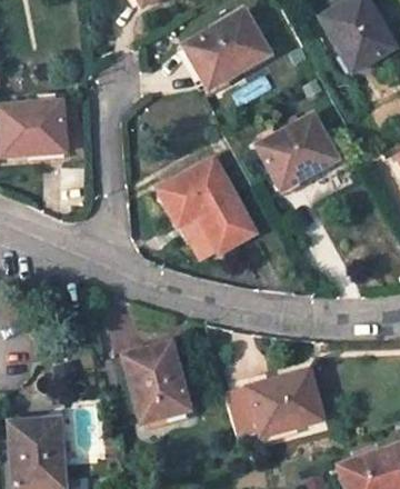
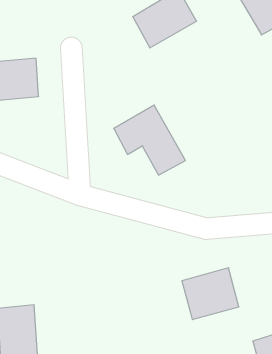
building: [259,118,334,189] -> none
building: [123,341,190,422] -> none
building: [226,387,260,433] -> none

